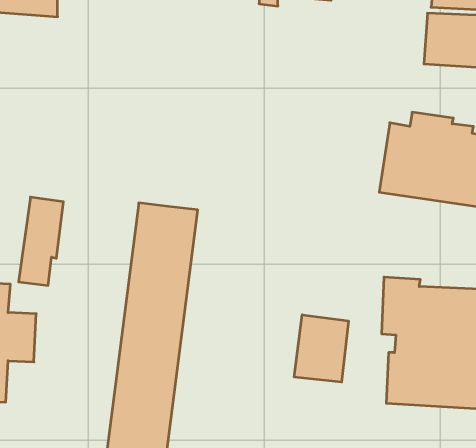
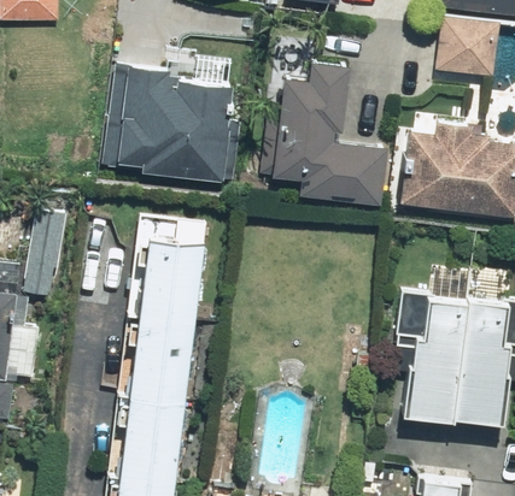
building: none -> [107,59,233,181]
building: none -> [273,65,386,202]
building: [294,315,348,382] -> none

